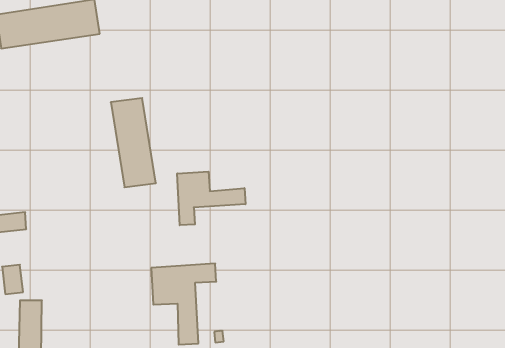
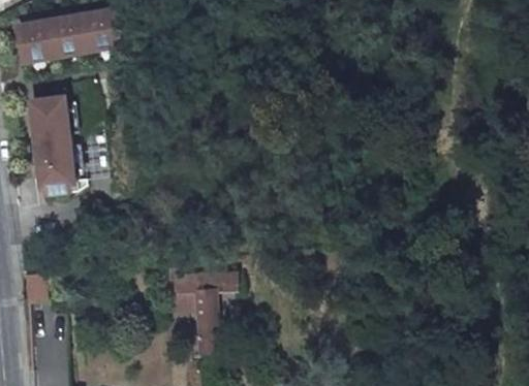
building: [111,98,156,187] -> [31,97,75,185]
building: [177,172,245,225] -> none

